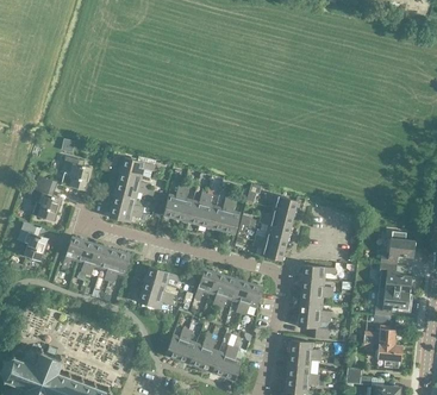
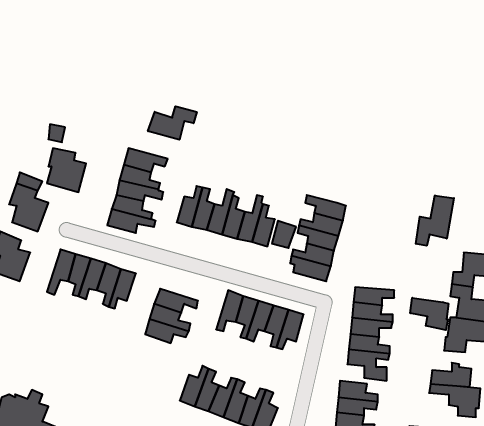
building: none -> [148,106,197,140]
building: none -> [416,195,454,246]
building: none -> [410,298,448,330]

